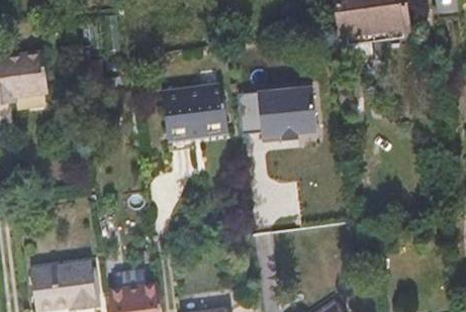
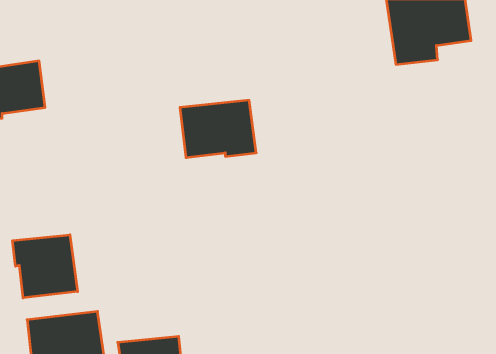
building: [240,85,314,137] -> none
building: none -> [13,235,78,298]

